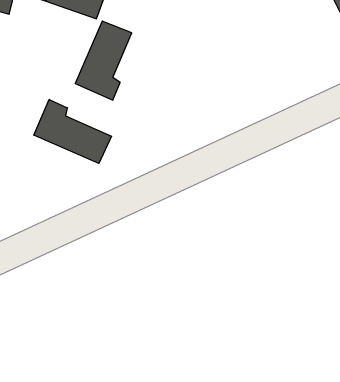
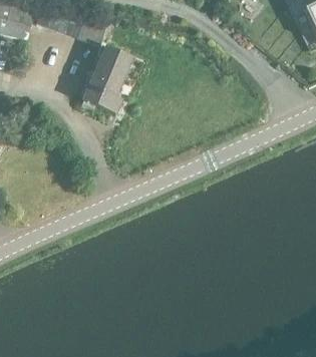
building: [34,99,112,163] -> none

